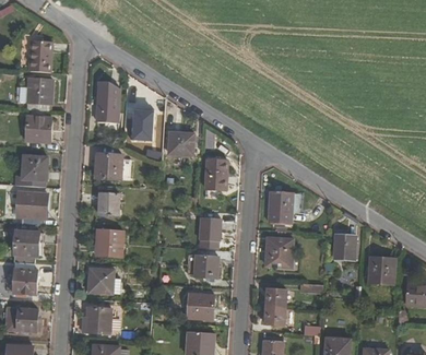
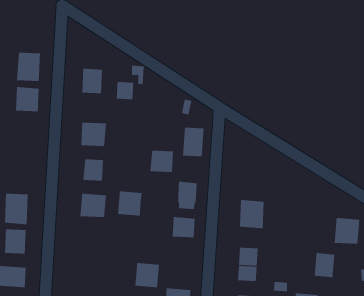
building: [28,39,52,72] -> none
building: [167,131,193,155] -> [150,150,174,173]
building: [21,154,48,180] -> none
building: [16,190,47,224] -> none
building: [268,191,294,222] -> none
building: [333,233,356,260] -> [314,252,335,278]
building: [87,267,115,294] -> [117,191,143,216]
building: [187,293,214,320] -> [134,263,160,288]
building: [86,307,111,331] -> none

